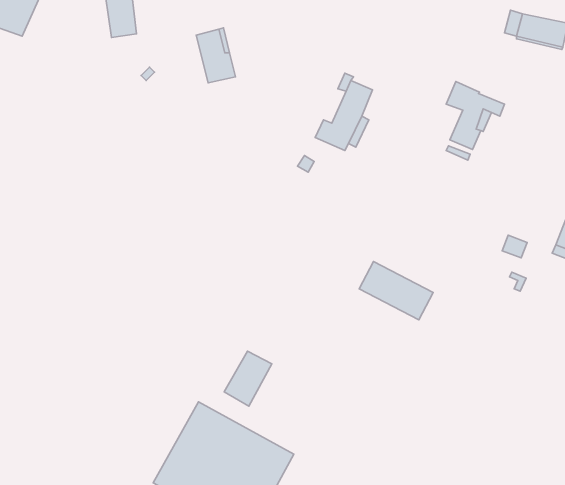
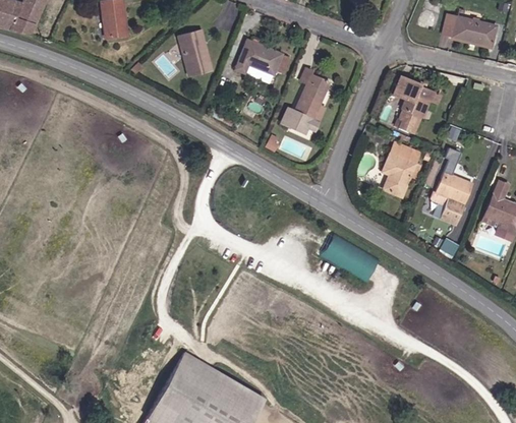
building: none -> [235,41,282,75]
building: none -> [382,142,420,197]
building: none -> [431,159,473,205]
building: [224,351,272,406] -> none

